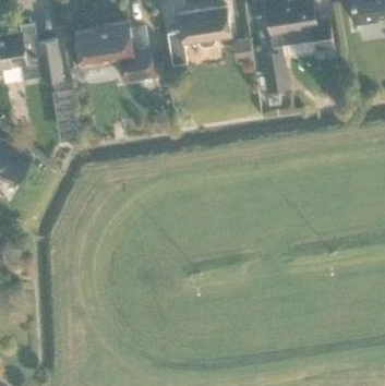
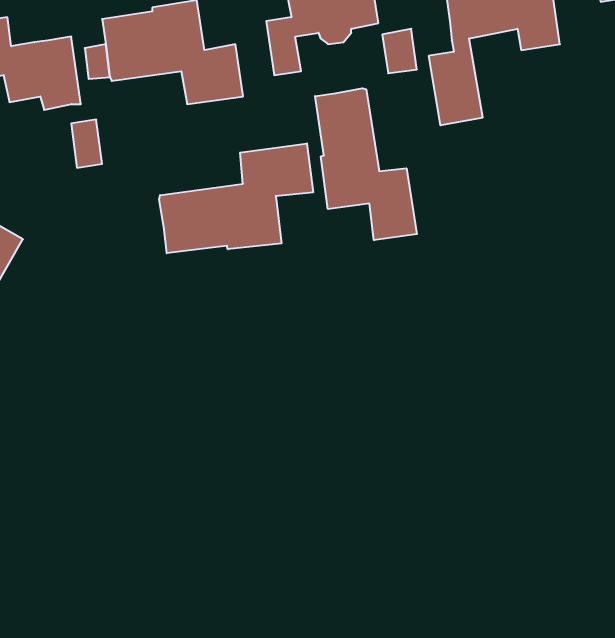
building: none -> [315,88,417,240]
building: none -> [159,143,313,253]

